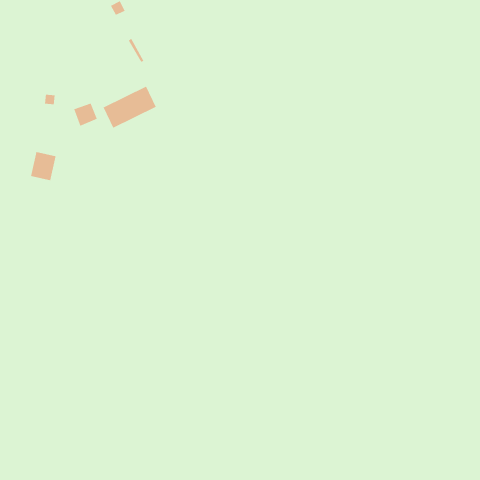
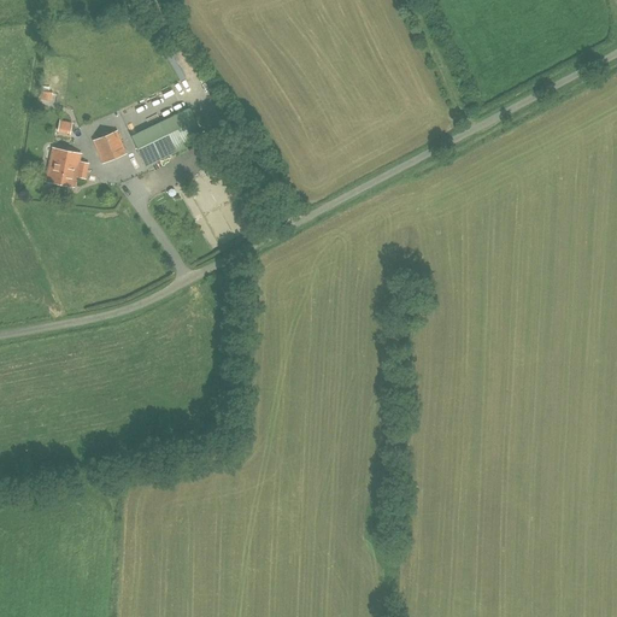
building: [30,151,57,181] -> [46,148,80,187]

